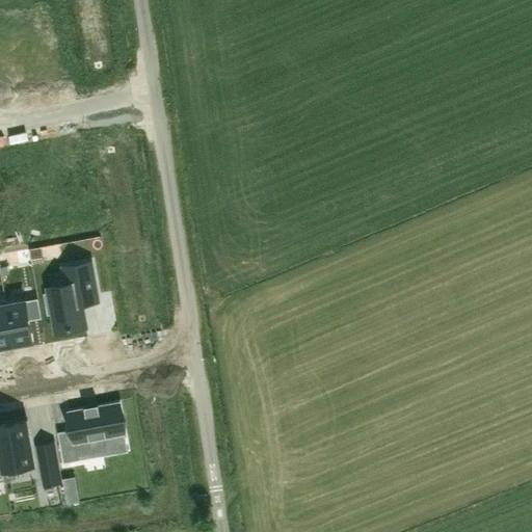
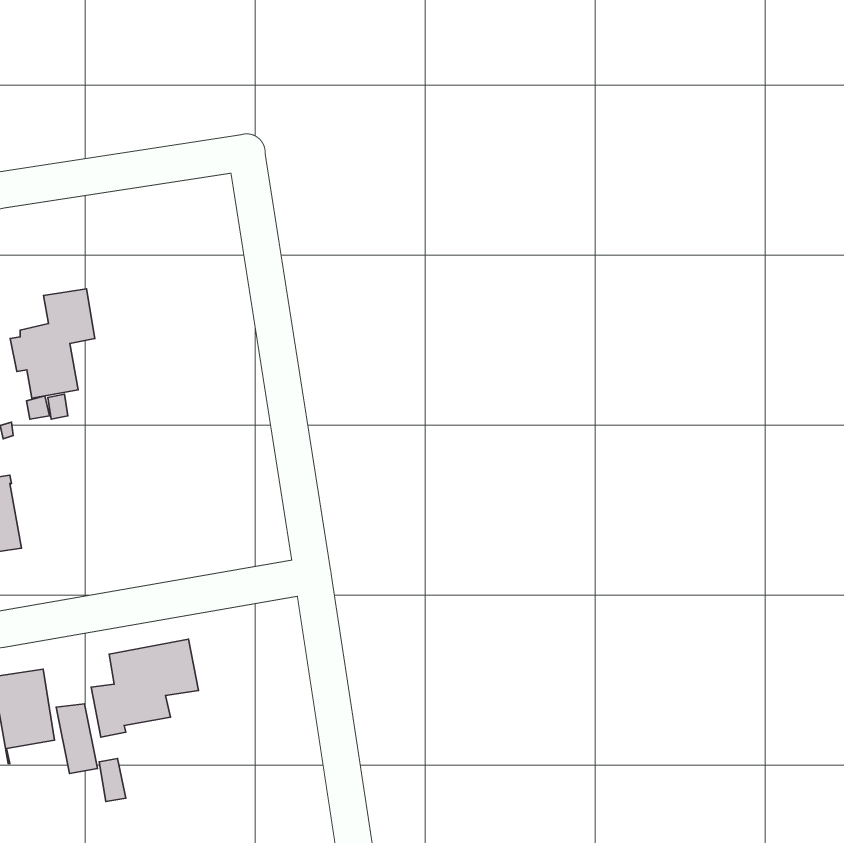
building: [43,264,96,332] -> [10,289,95,398]
building: [6,300,42,346] -> none

